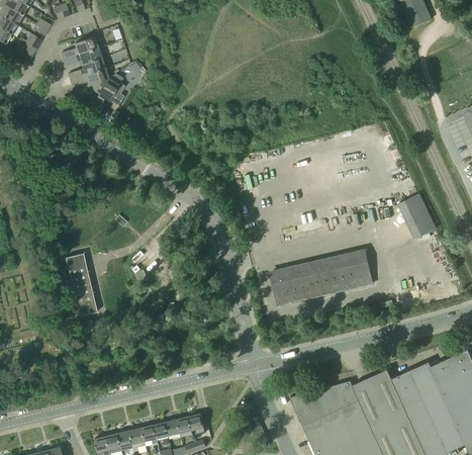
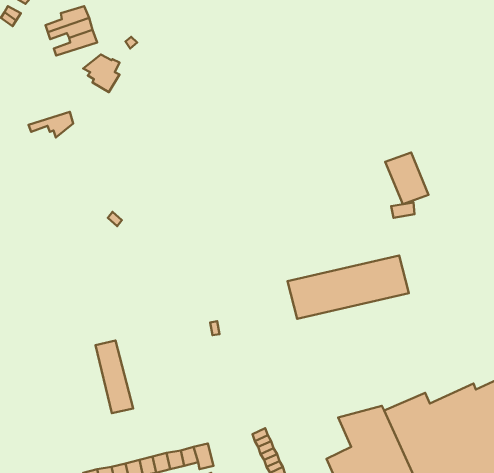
building: [70,69,108,91] -> [29,112,73,138]
building: [396,192,434,237] -> [385,152,429,204]
building: [65,254,97,316] -> [95,340,133,413]
building: [289,391,323,427] -> none

